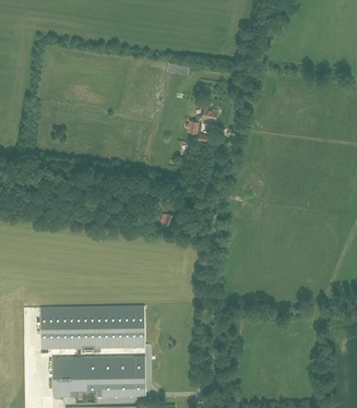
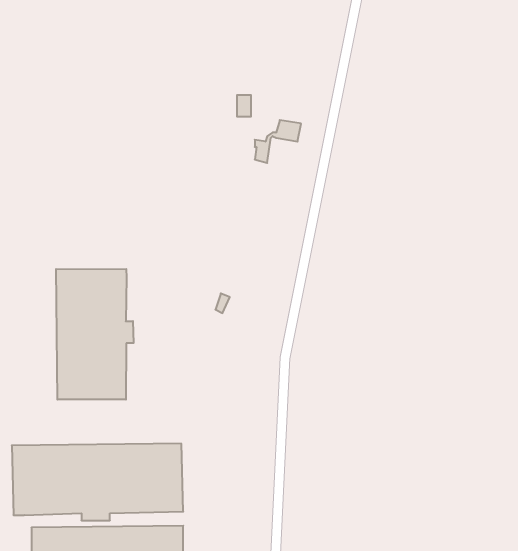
building: none -> [56,269,134,400]

